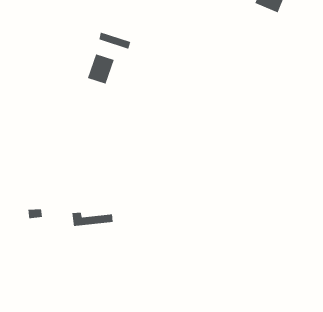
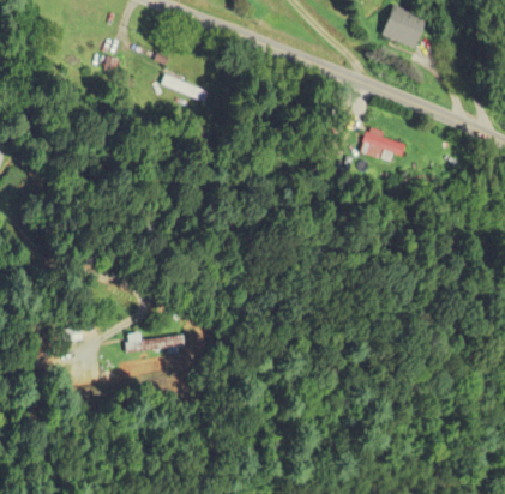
building: [87,53,114,84] -> none
building: none -> [361,131,407,162]

